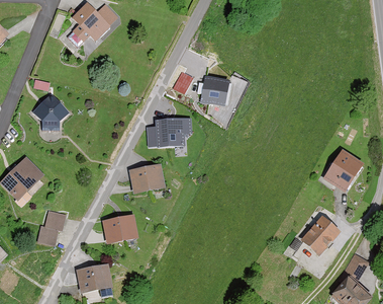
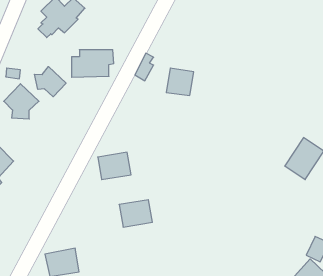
building: none -> [35,67,66,97]
building: [148,119,191,147] -> [72,50,114,77]
building: [38,210,65,244] -> none
building: [103,215,137,243] -> [119,200,152,227]
building: [300,216,341,256] -> none

